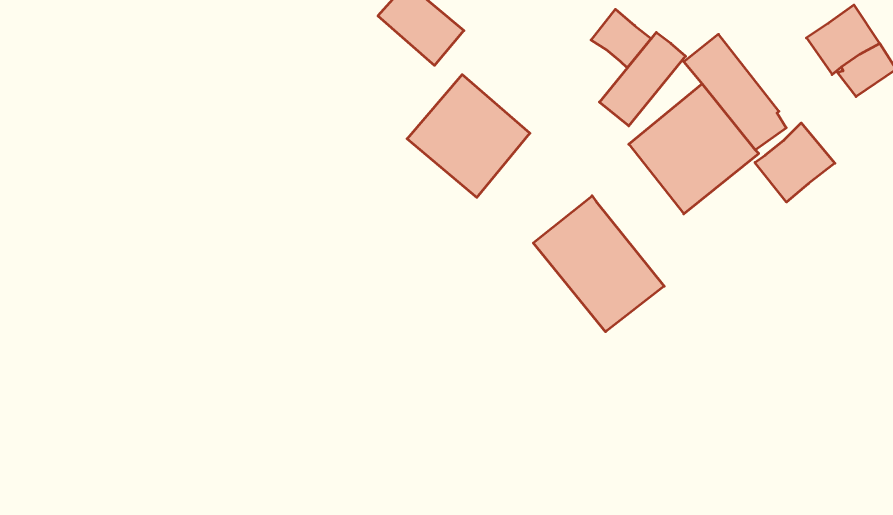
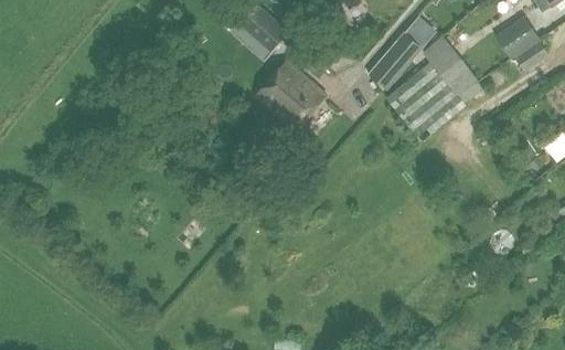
building: [591,9,651,68] -> none
building: [755,123,835,202] -> none
building: [533,196,664,332] -> none

